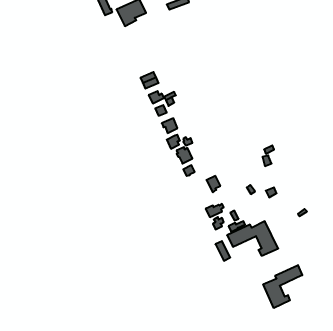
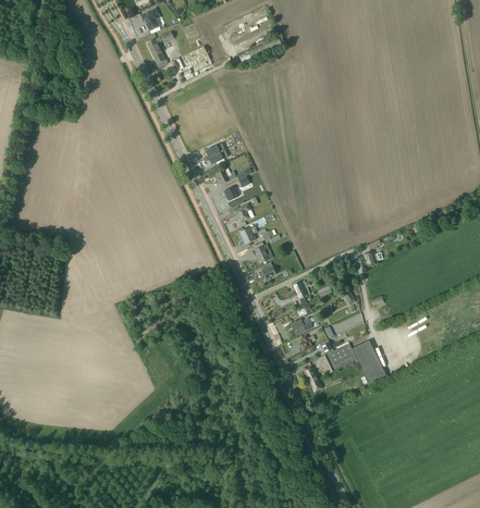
building: [263,265,302,308] -> none

